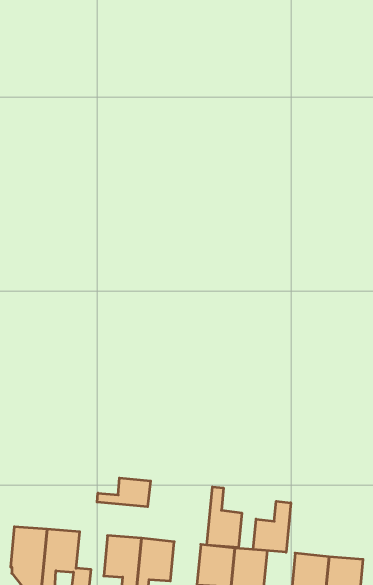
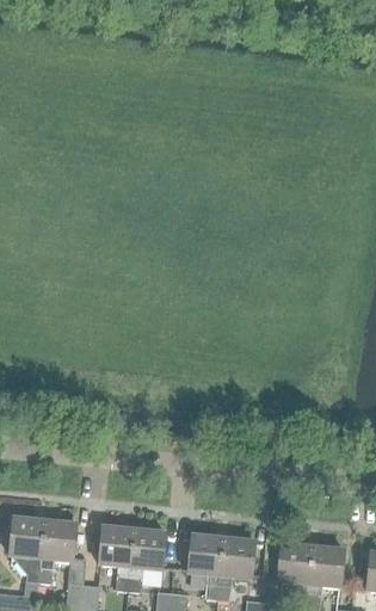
building: [97,478,151,507] -> none
building: [207,487,242,548] -> none
building: [253,501,291,552] -> none

